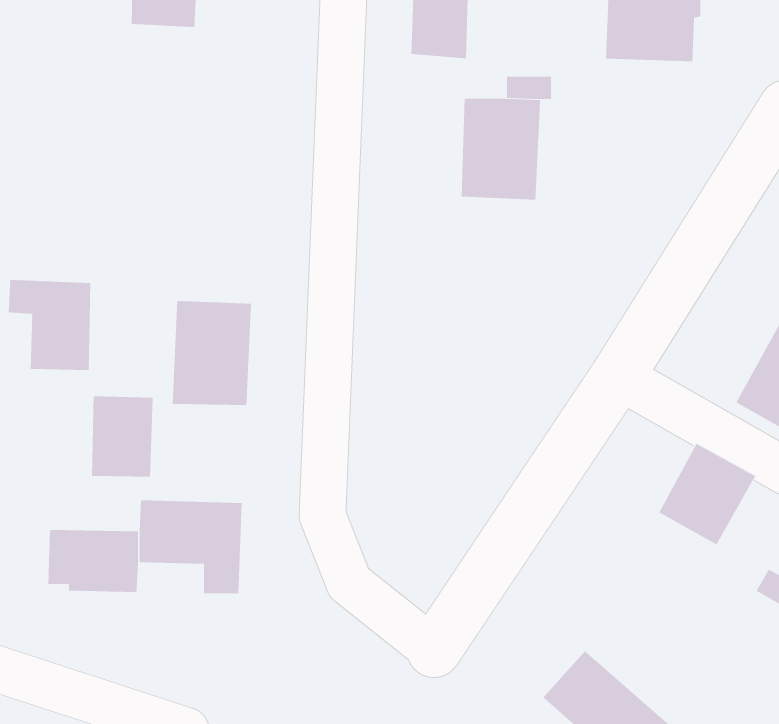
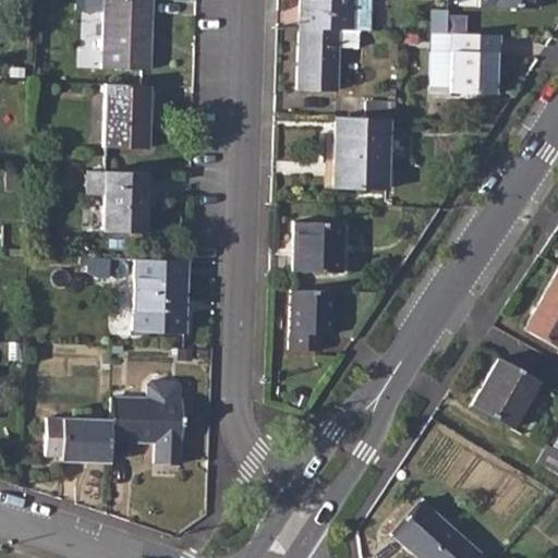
building: none -> [105,84,150,147]
building: none -> [292,220,342,272]
building: [8,280,91,371] -> [88,170,146,233]
building: none -> [290,290,335,350]
building: [92,395,153,477] -> none

